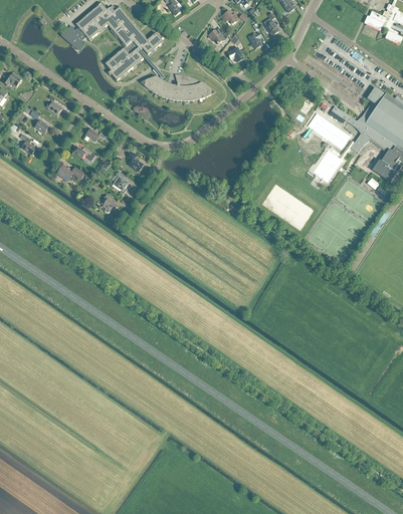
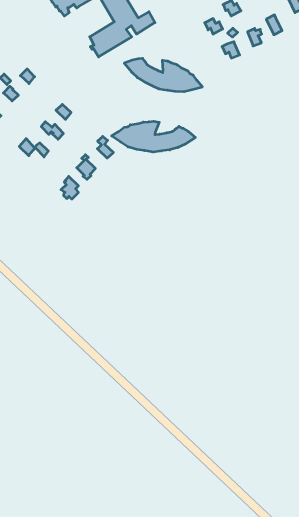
building: none -> [112,121,195,152]

